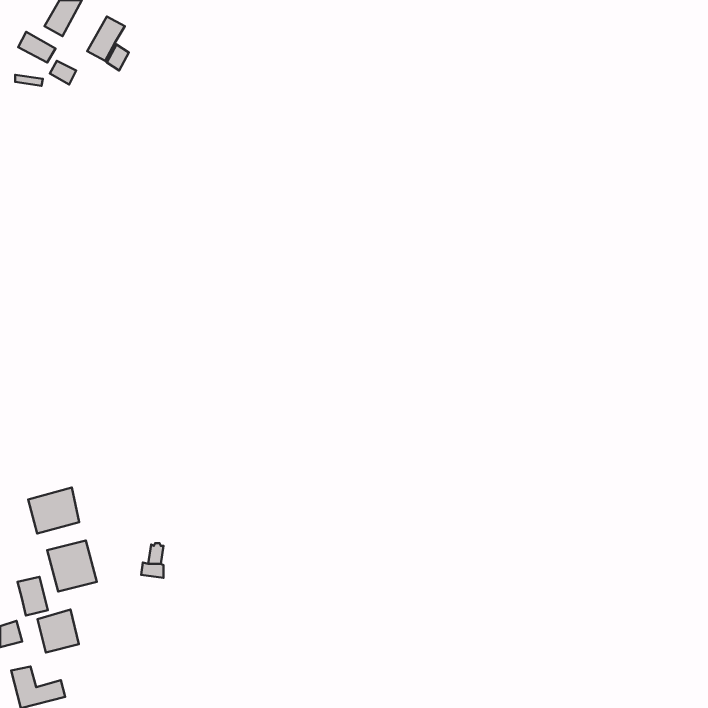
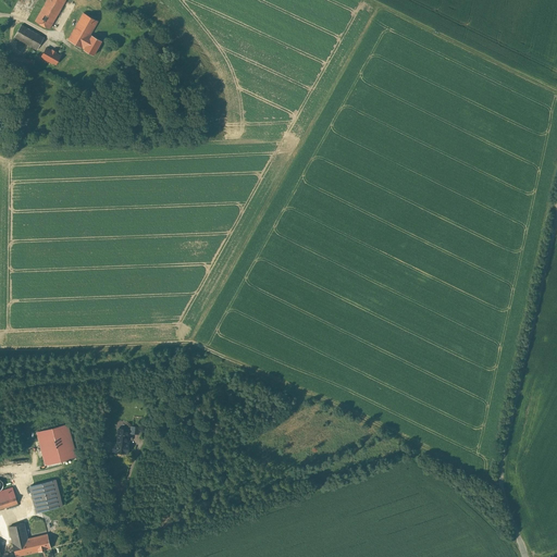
building: [28,488,79,533] -> none
building: [17,577,48,616] -> none

